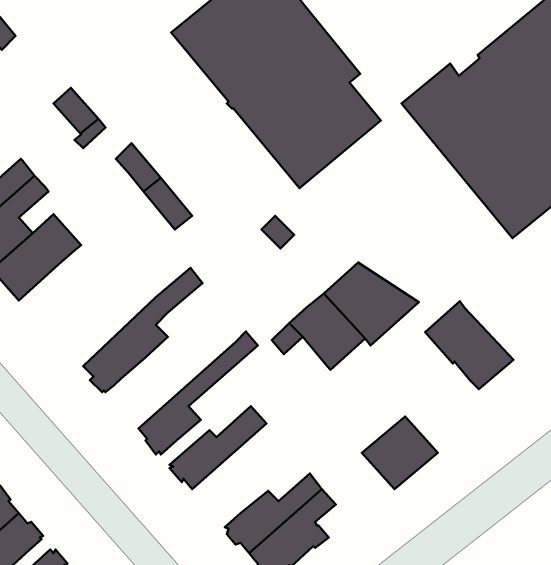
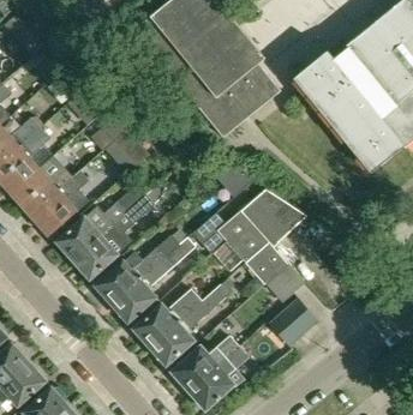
building: none -> [29,169,90,236]
building: none -> [56,181,148,260]
building: [425,301,513,389] -> [245,241,306,302]
building: none -> [95,234,179,303]
building: none -> [149,283,228,365]

